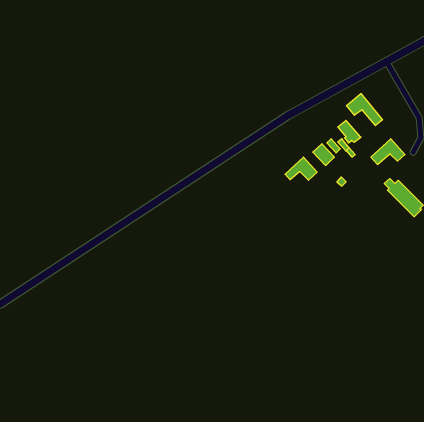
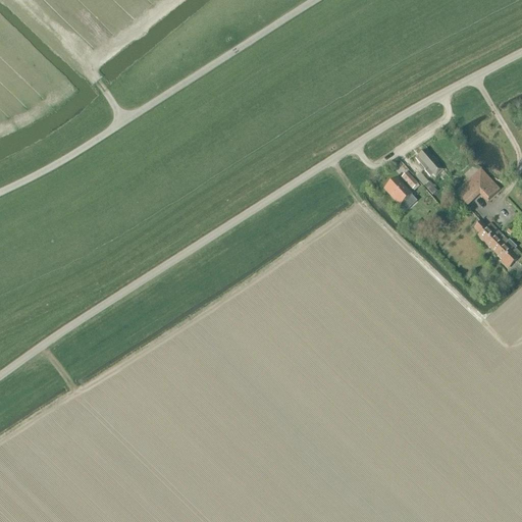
building: [347,94,382,126] -> none
building: [285,157,317,180] -> none

